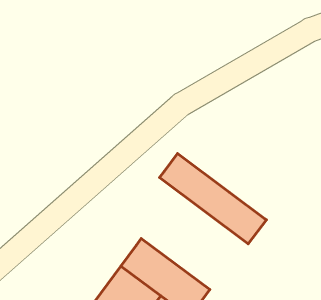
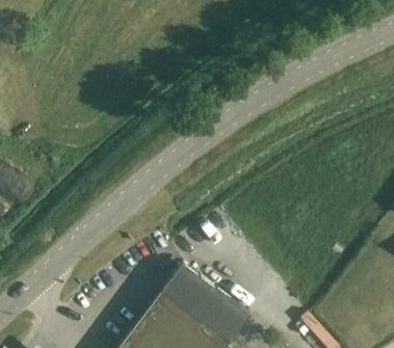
building: [160,154,266,244] -> none

